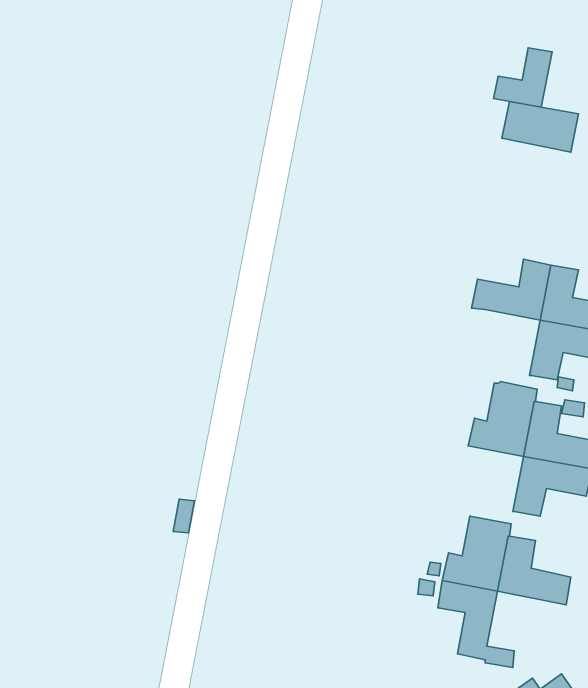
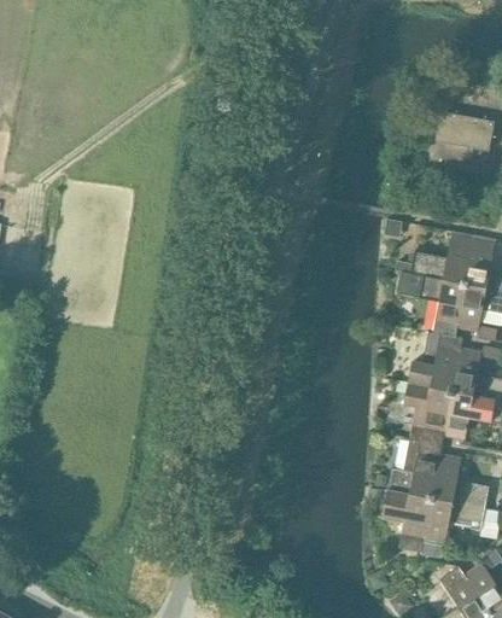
building: [493,48,552,107] -> none
building: none -> [396,273,463,339]
building: none -> [395,381,450,445]
building: none -> [421,499,484,546]

